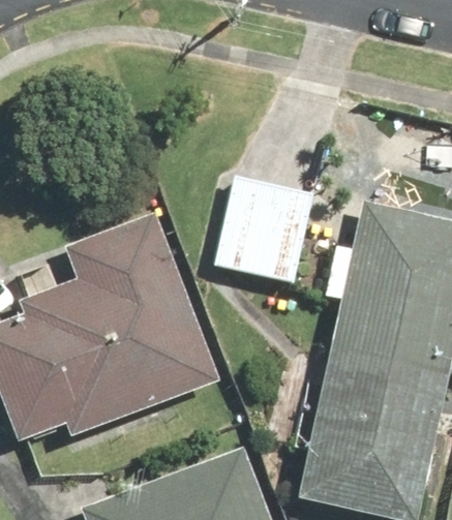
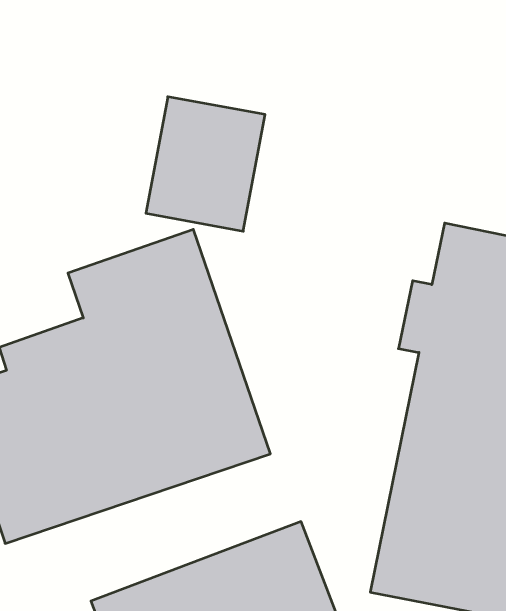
building: [213,174,309,282] -> [146,97,265,231]

